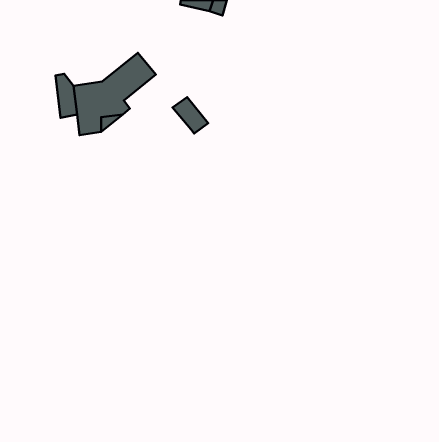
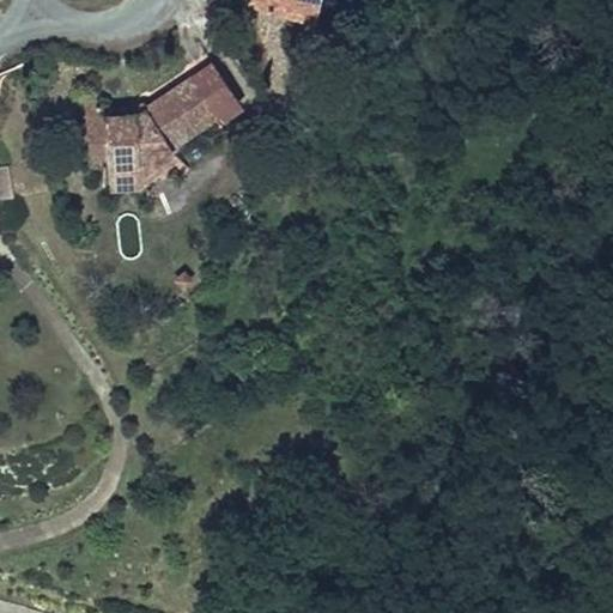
building: [173,97,208,134] -> [195,60,244,110]

